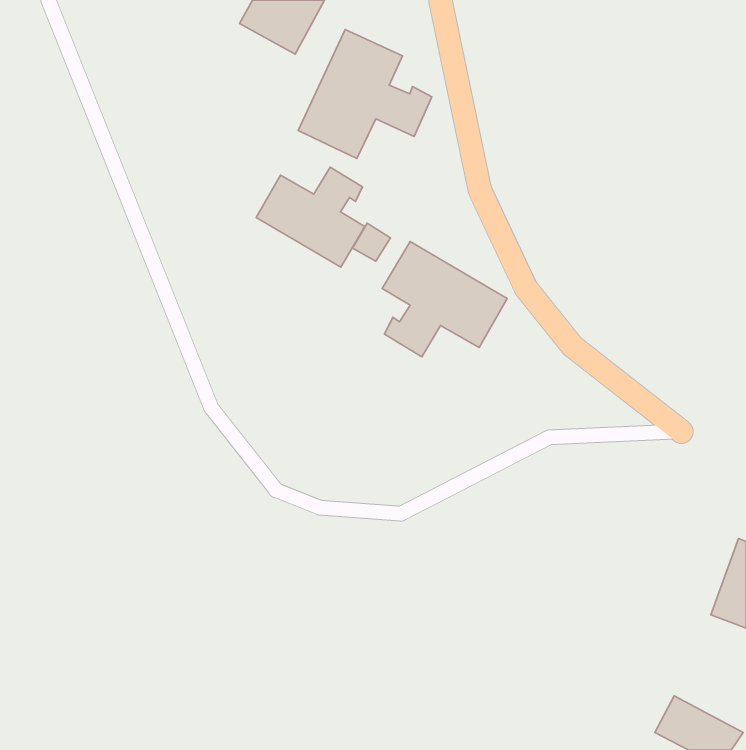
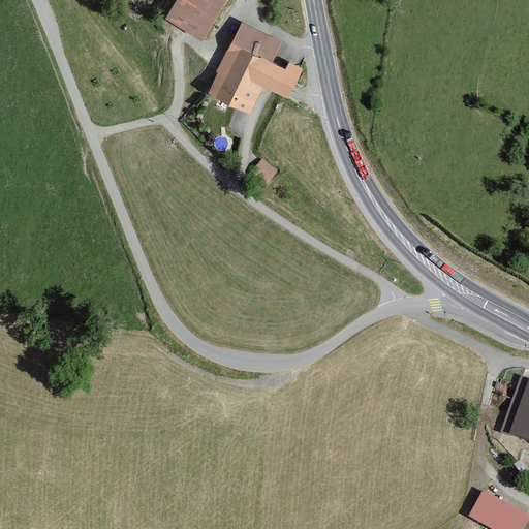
building: [256,167,365,267] -> none
building: [382,241,507,357] -> none

